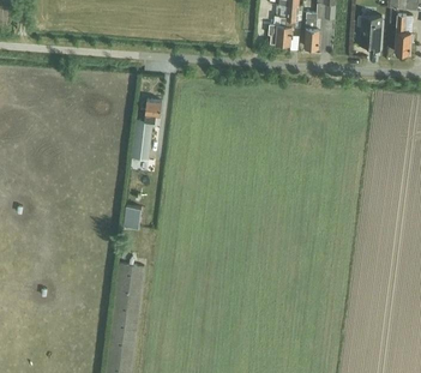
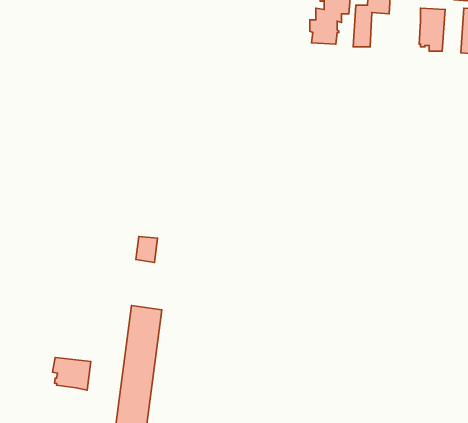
building: [131,98,161,160] -> none
building: none -> [52,357,91,390]

